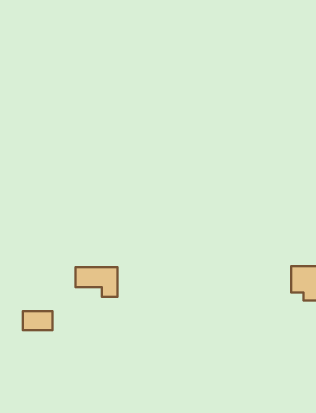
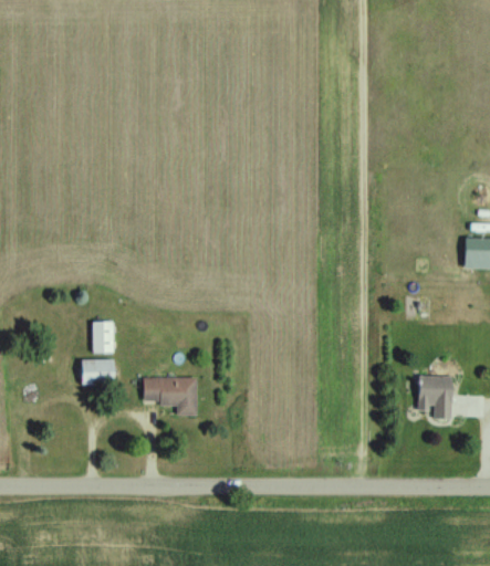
building: none -> [88,319,114,352]
building: [23,311,53,330] -> [79,359,116,384]

